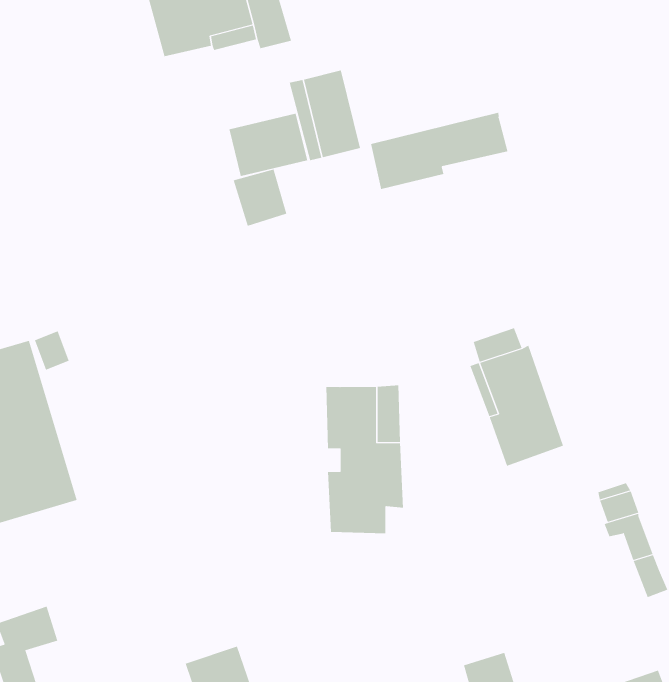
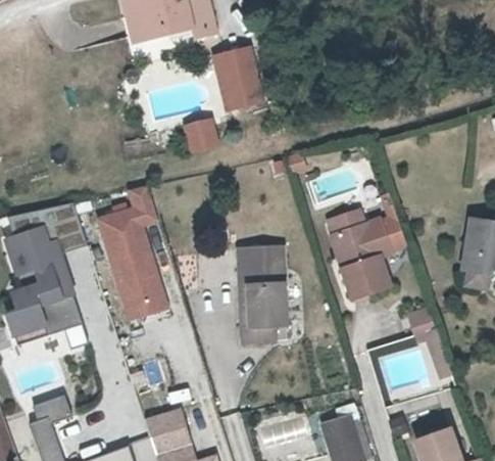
building: [370,112,508,190] -> none
building: [229,113,308,177] -> none
building: none -> [94,196,166,317]
building: none -> [368,218,407,260]

